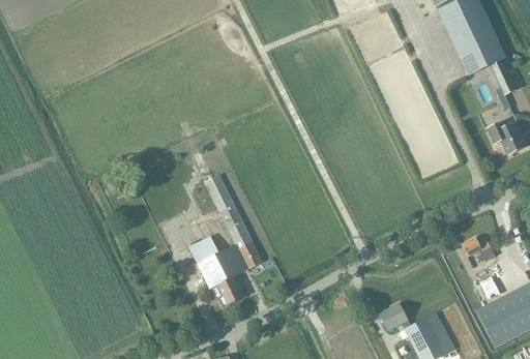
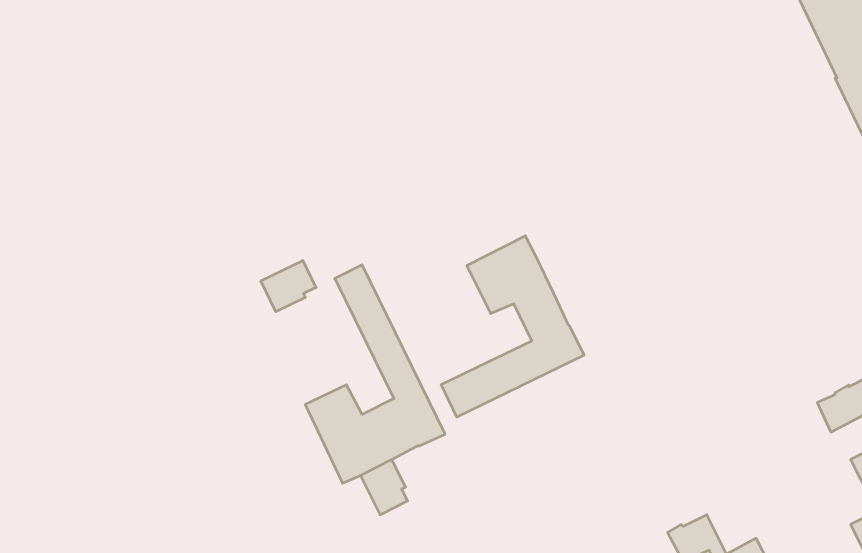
building: none -> [441,236,584,417]
building: none -> [261,260,316,312]

